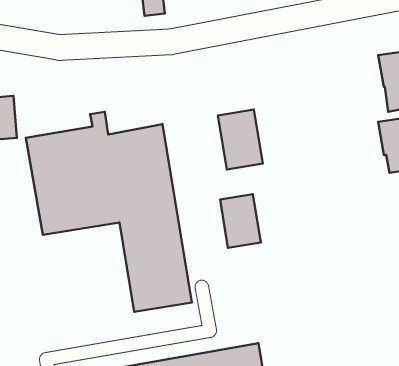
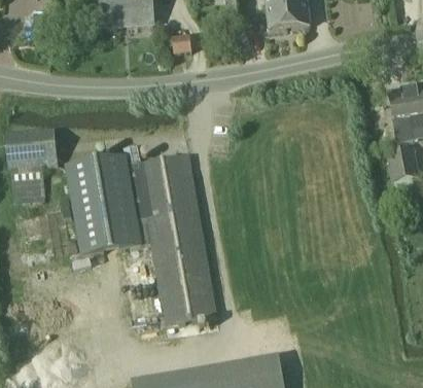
building: [218,110,263,169] -> none
building: [220,194,261,248] -> none

